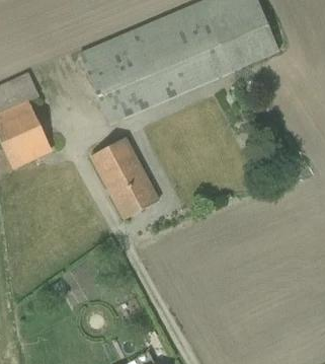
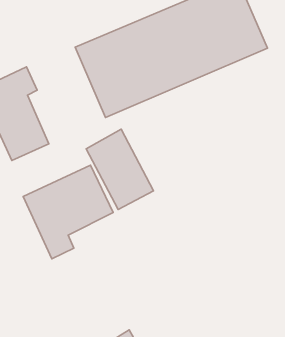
building: none -> [23,165,113,259]

